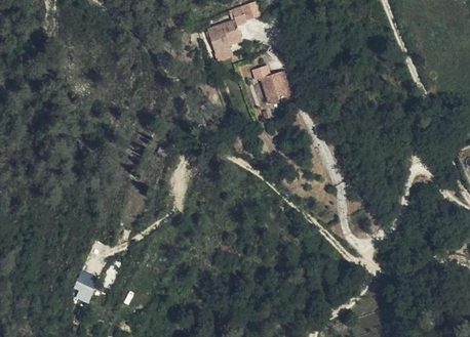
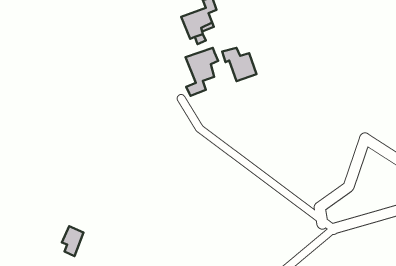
building: none -> [186,48,218,96]

